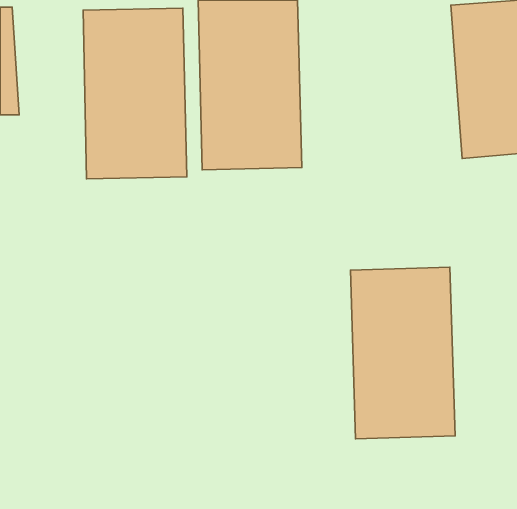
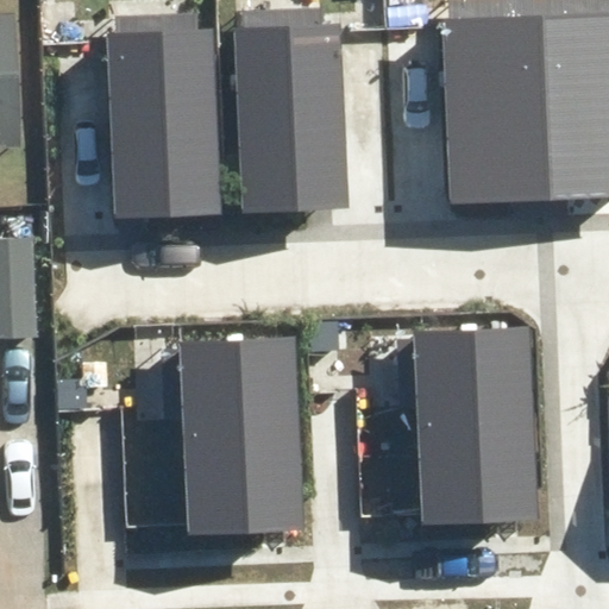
building: none -> [440,18,544,203]
building: none -> [176,333,299,534]

